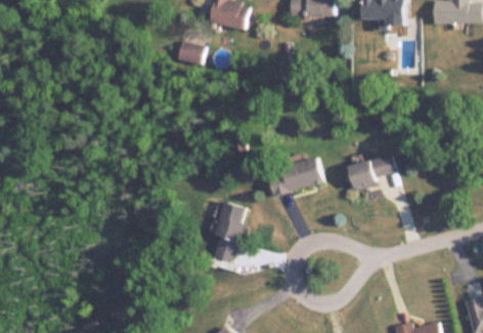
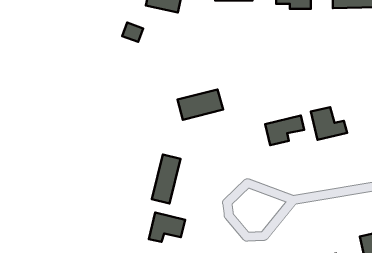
building: none -> [311,107,347,140]
building: [268,157,323,194] -> [178,89,223,120]
building: none -> [149,212,185,242]

